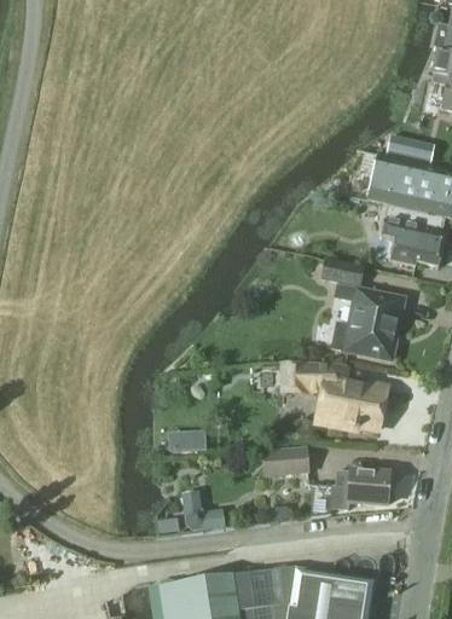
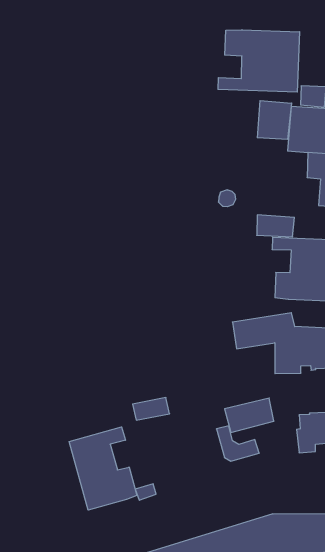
building: none -> [218,30,300,92]
building: none -> [257,101,292,139]
building: none -> [69,427,137,510]
building: [184,492,224,528] -> [216,426,259,461]

